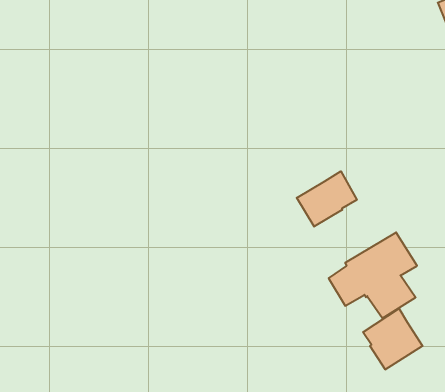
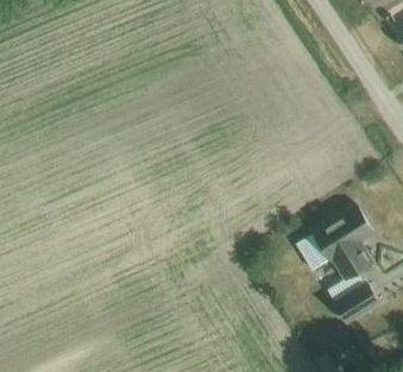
building: [297,171,357,227] -> none

